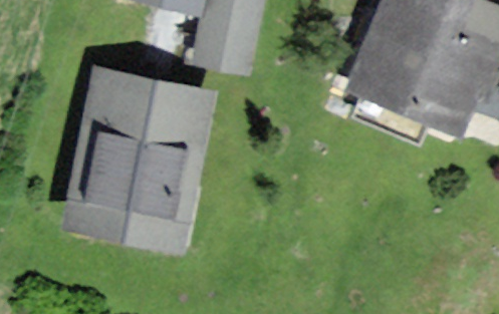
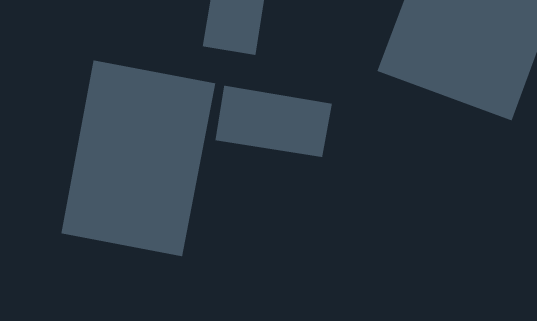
building: none -> [215,85,333,158]

